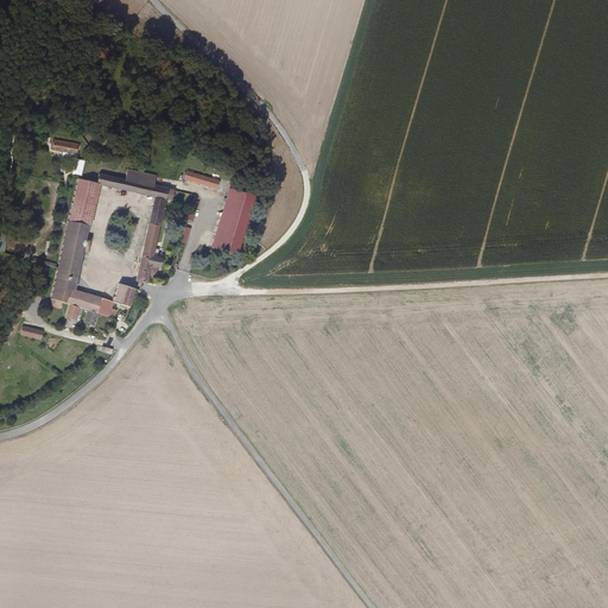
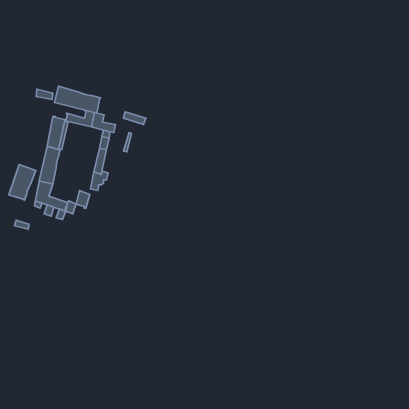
building: none -> [54,86,100,113]
building: [209,186,251,255] -> none
building: none -> [9,165,36,200]

